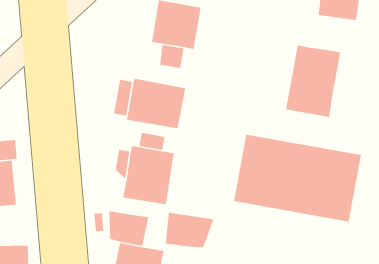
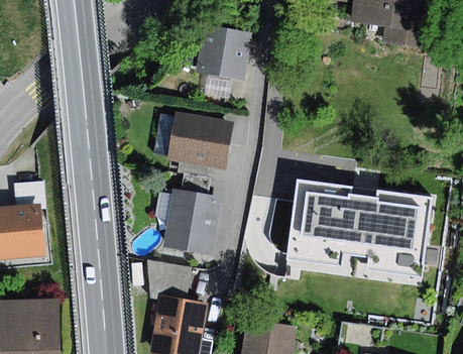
building: [285,45,341,118] -> none
building: [165,212,215,248] -> none

